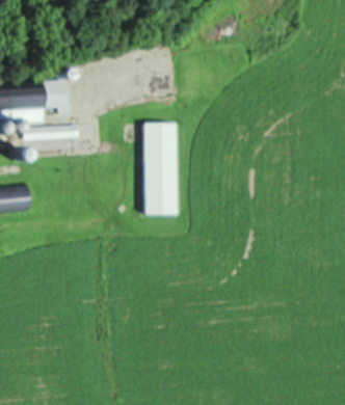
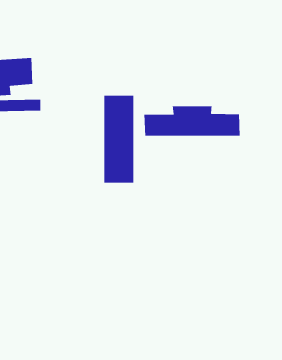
building: none -> [144,106,240,136]

